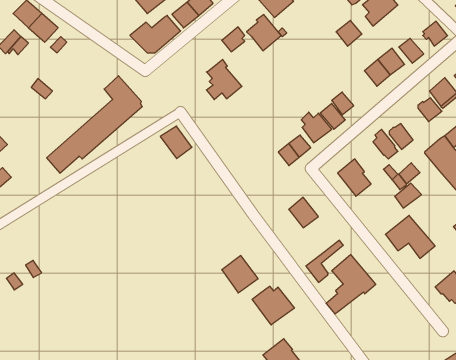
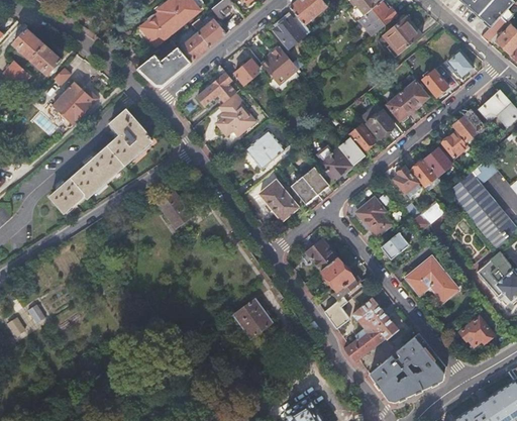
building: [336,20,362,46] -> [366,111,393,138]
building: none -> [198,65,236,105]
building: none -> [53,83,97,129]
building: none -> [245,130,298,169]
building: none -> [424,148,451,177]
building: [160,126,192,159] -> [157,193,190,227]
building: none -> [260,181,298,221]
building: [395,183,421,208] -> [382,233,410,259]
building: none -> [320,258,359,299]
building: [252,286,294,325] -> none
building: none -> [370,334,445,402]

